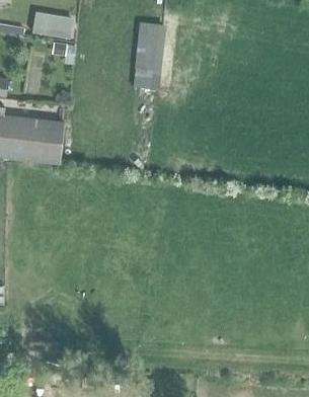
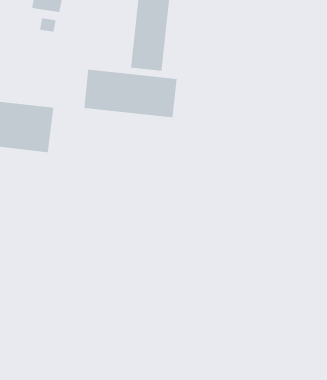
building: none -> [83,69,177,118]

